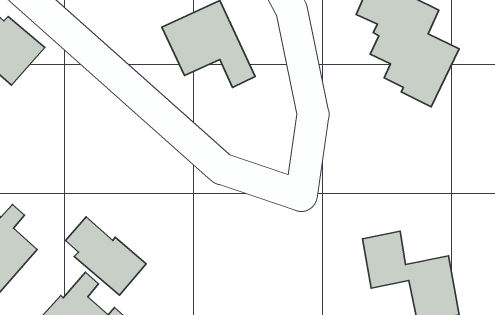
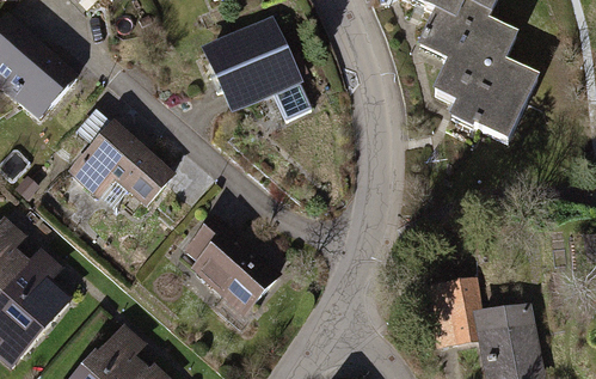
building: none -> [74,123,172,201]
building: [66,217,146,295] -> [188,221,277,308]

